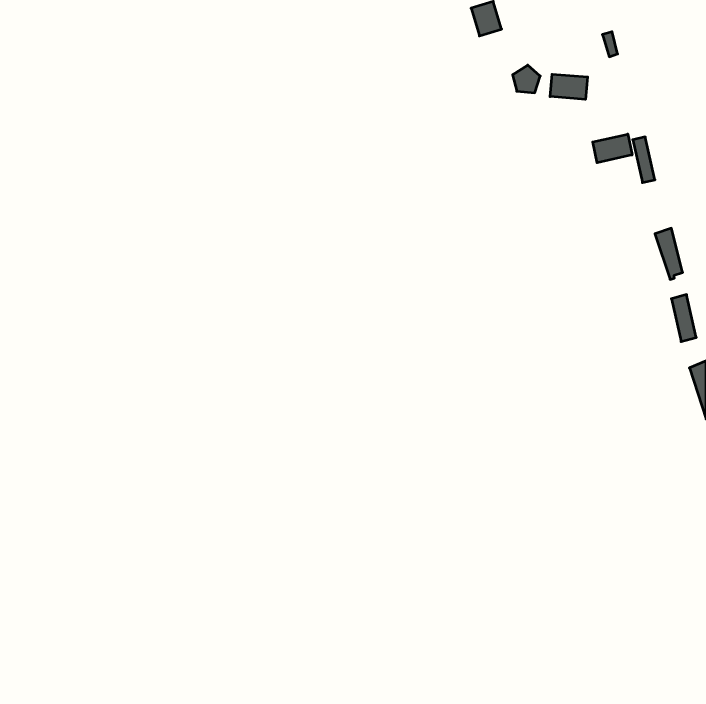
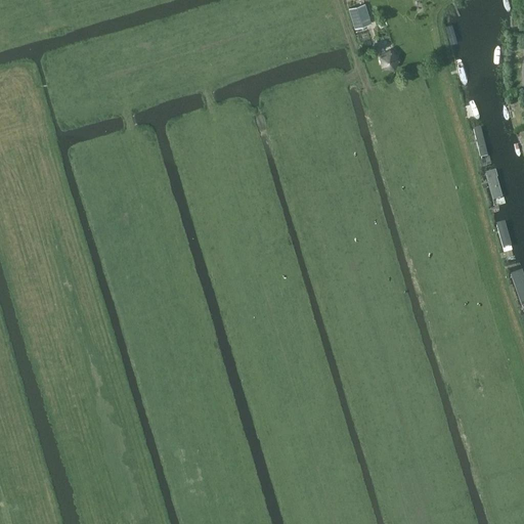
building: [550,74,588,99] -> none
building: [593,134,632,163] -> none

